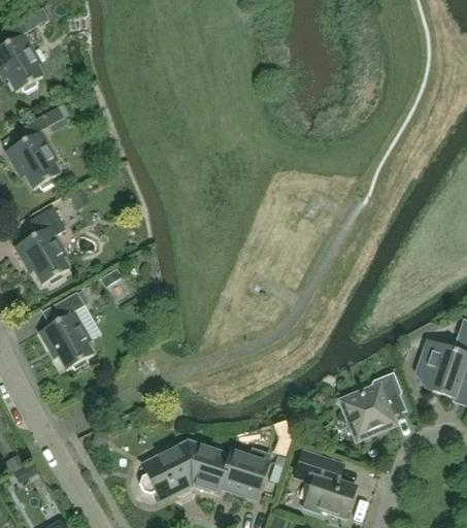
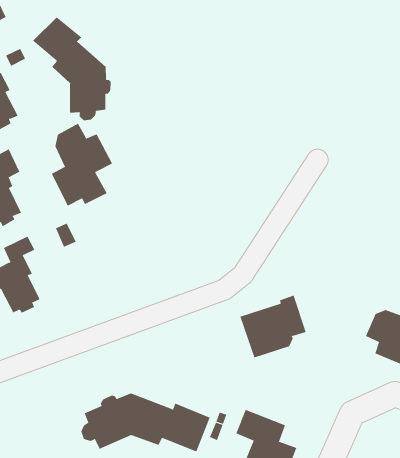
building: none -> [32,16,111,121]
building: none -> [51,123,113,206]
building: [339,373,406,438] -> [240,295,306,358]

